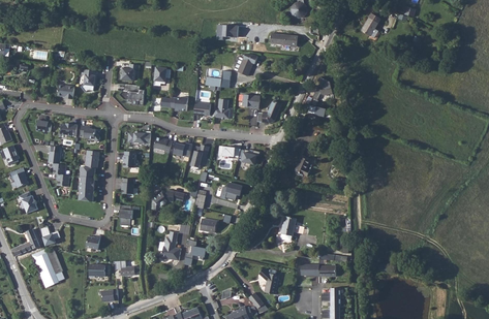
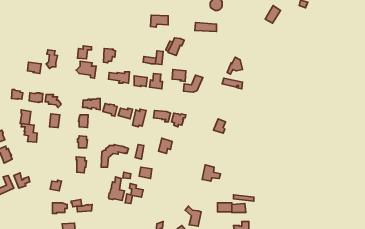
building: [77,165,95,200] -> none
building: [32,249,64,287] -> none

